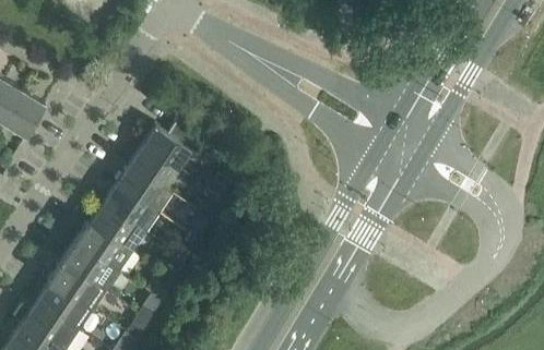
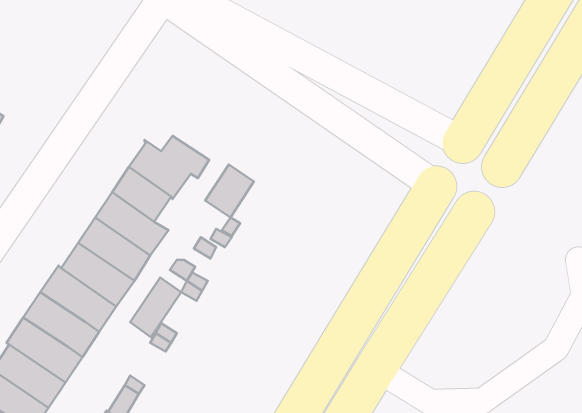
building: none -> [205,165,254,218]
building: none -> [130,277,181,337]

